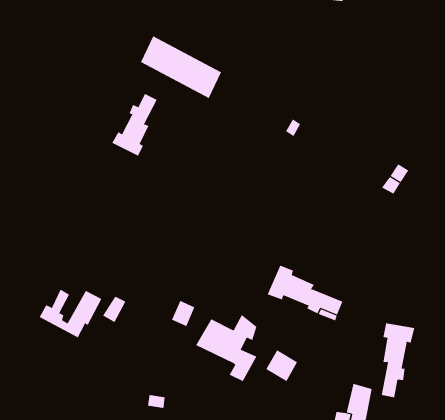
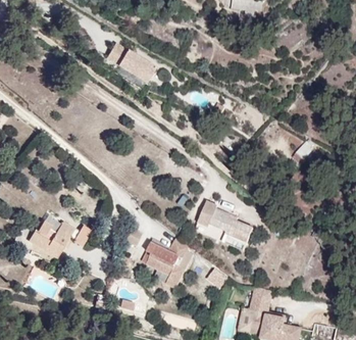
building: [112,93,157,157] -> none
building: [381,322,415,398] -> none

